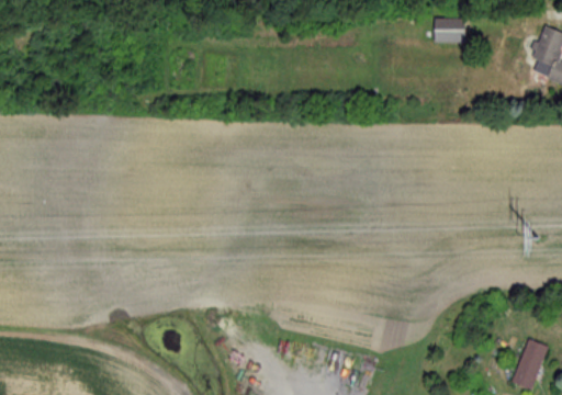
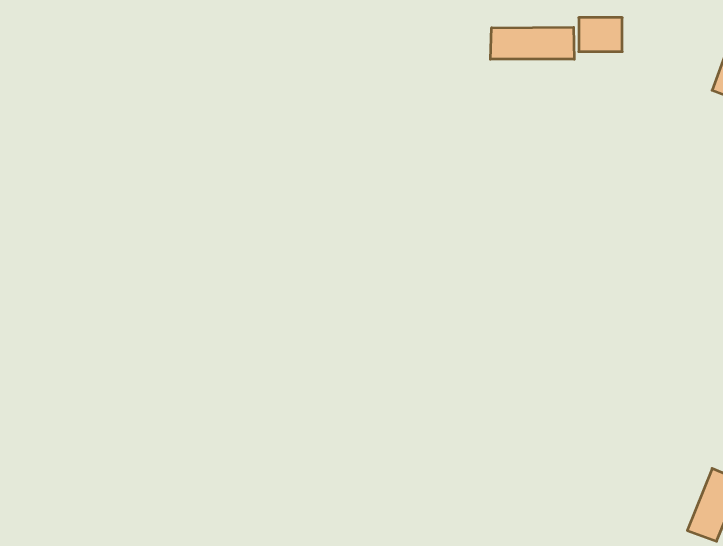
building: none -> [490,27,574,59]

